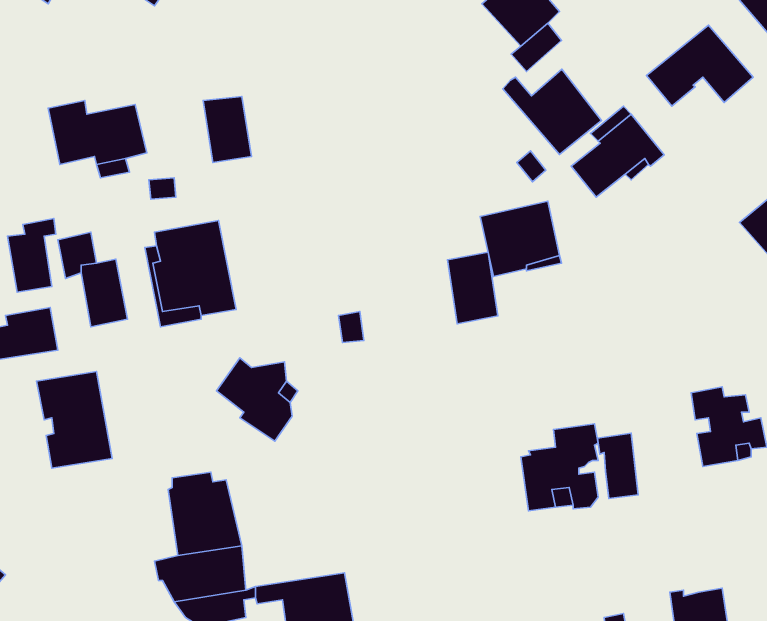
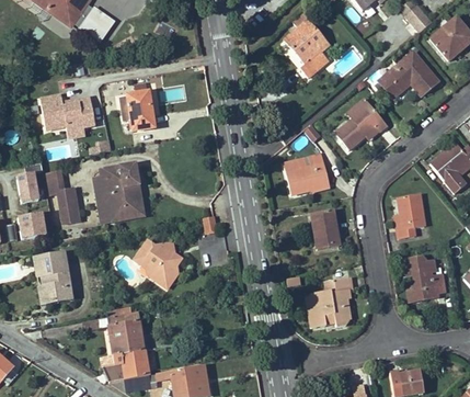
building: [503,69,601,155] -> none
building: [447,252,498,324] -> [310,209,339,250]
building: none -> [397,193,424,238]
building: [598,433,638,498] -> none

